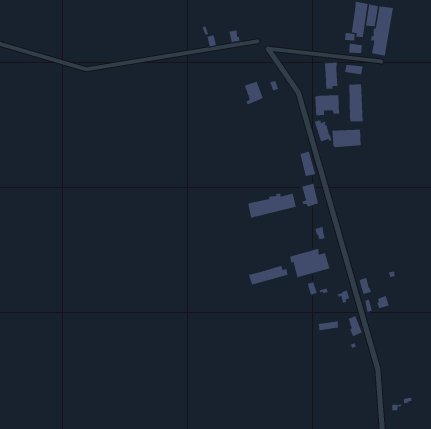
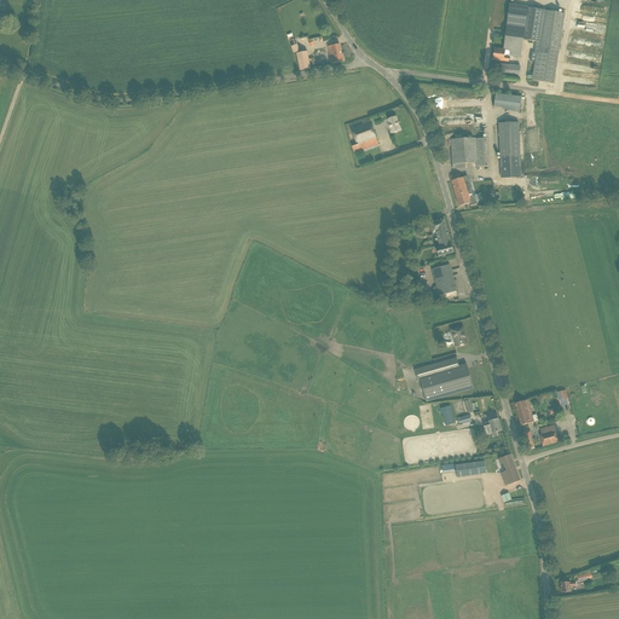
building: [324,62,338,90] -> none
building: [332,129,361,148] -> none
building: [248,192,297,218] -> none
building: [248,265,288,286] -> none

